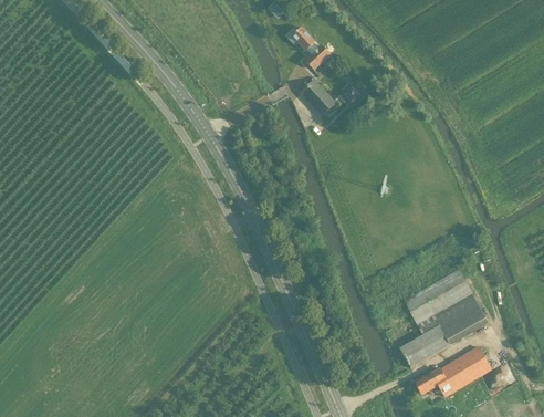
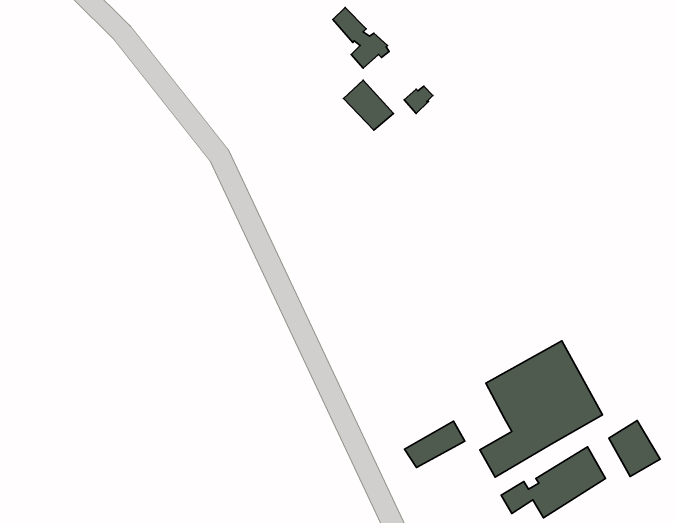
building: none -> [609,420,660,477]
building: none -> [404,421,465,468]

